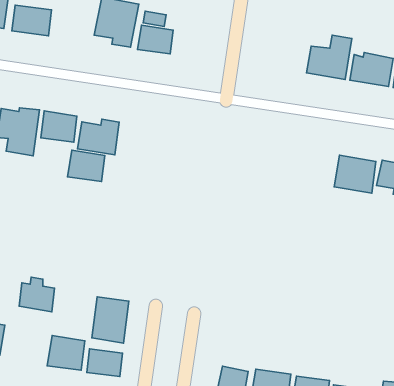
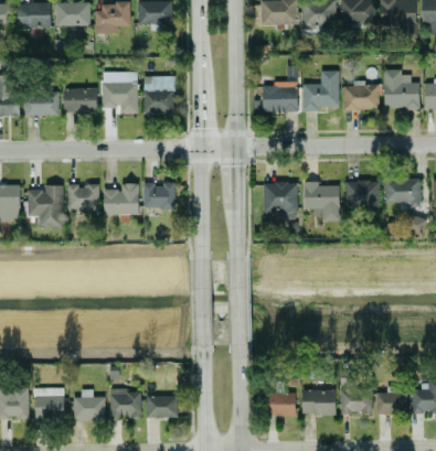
building: none -> [64,89,97,114]
building: none -> [262,84,297,112]
building: none -> [263,183,298,219]
building: none -> [304,182,340,222]
building: [67,150,105,181] -> [143,184,176,210]
building: [19,277,55,312] -> [73,390,105,419]
building: [92,297,129,343] -> none

